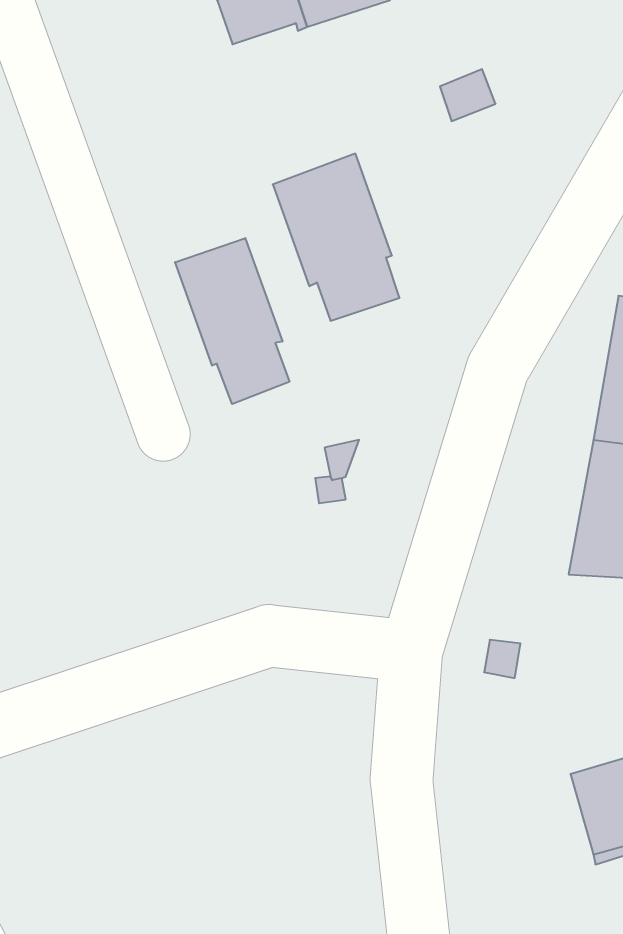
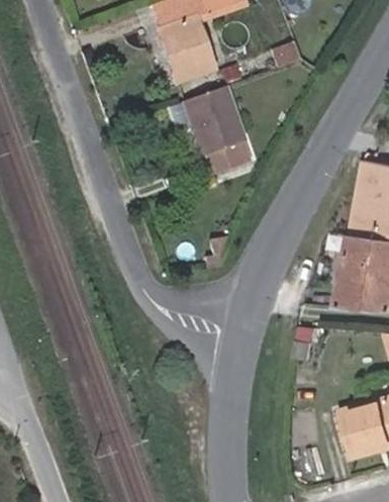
building: none -> [157,16,212,82]
building: [175,238,289,404] -> none

